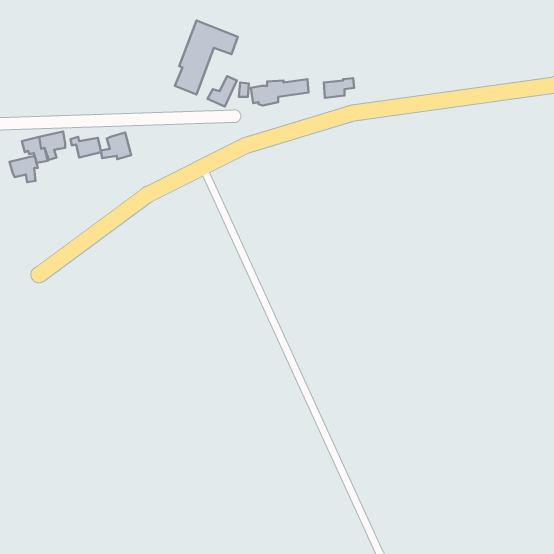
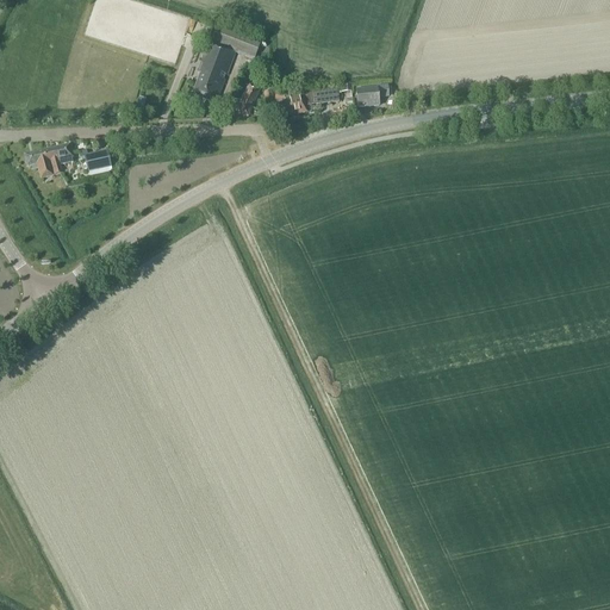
building: [101,132,131,159] -> none
building: [10,156,38,182] -> none

